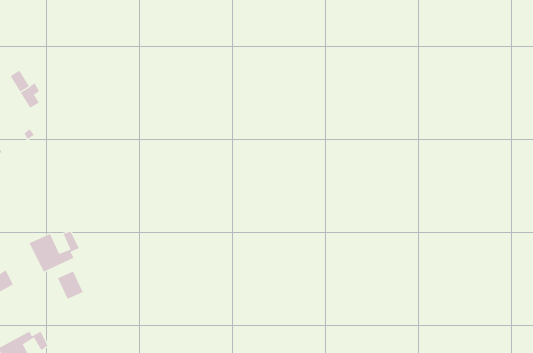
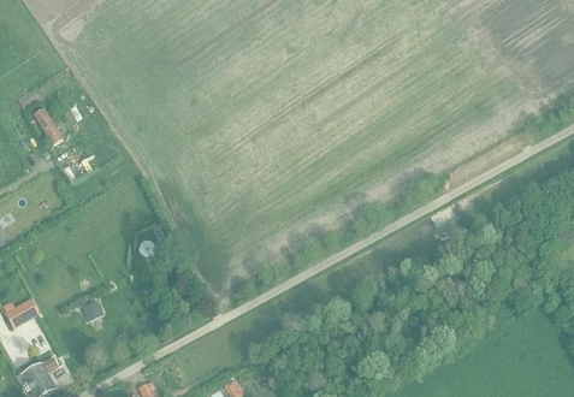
building: [29,231,80,273] -> none

